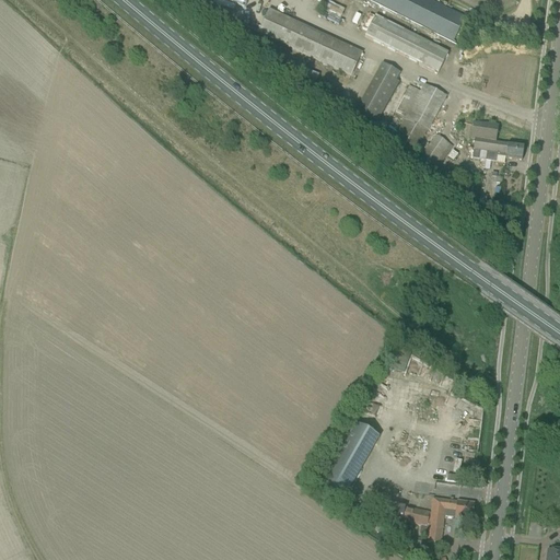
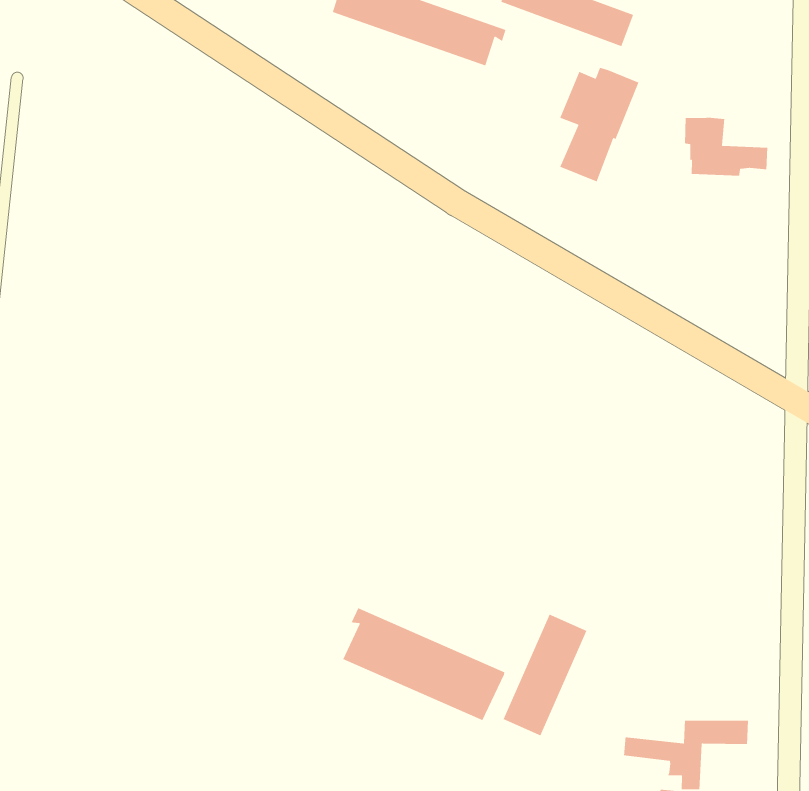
building: [357,61,400,119] -> none
building: [419,131,451,168] -> none
building: none -> [342,607,505,721]

